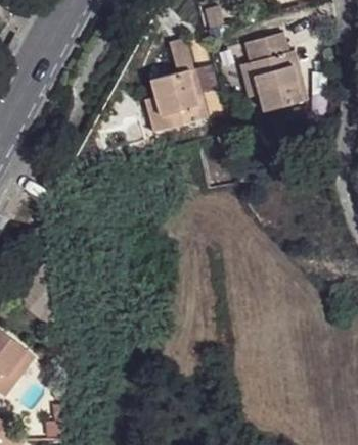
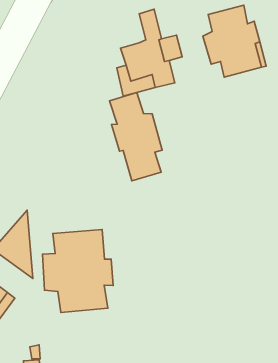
building: none -> [109,92,162,181]
building: none -> [43,229,113,313]

